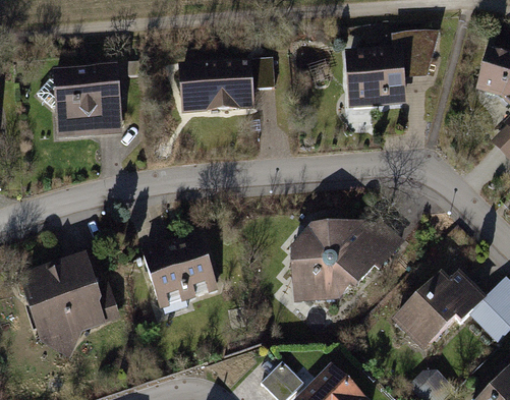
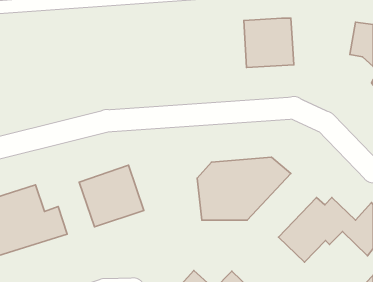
building: [393,32,442,75] -> none
building: [177,54,274,112] -> none
building: [51,61,121,135] -> none

